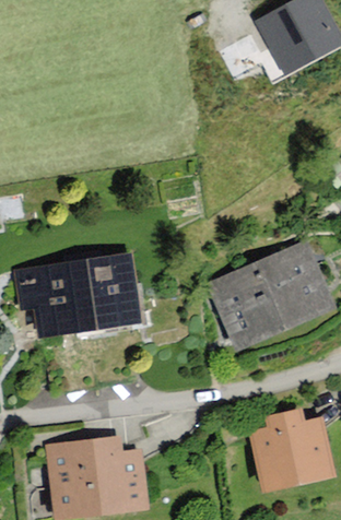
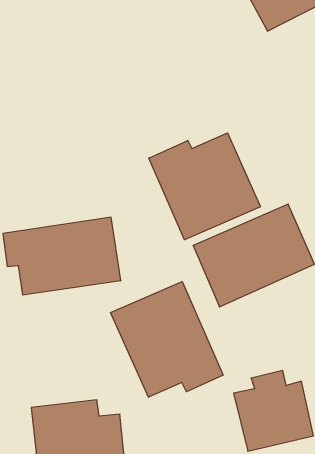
building: none -> [149,133,261,240]
building: none -> [111,282,223,397]

